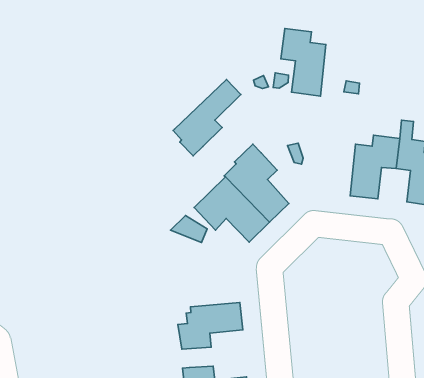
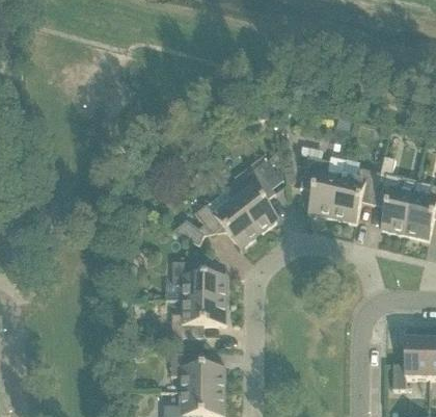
building: [281,29,326,96] -> [301,155,342,217]
building: [173,80,241,156] -> none
building: none -> [171,261,226,301]

